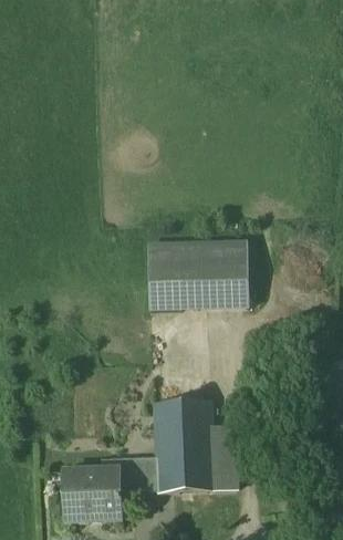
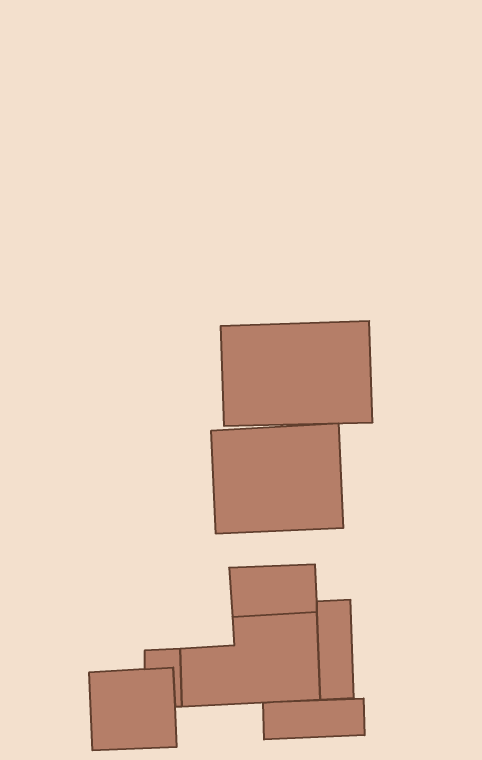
building: none -> [211,423,343,534]
building: none -> [263,698,365,740]

